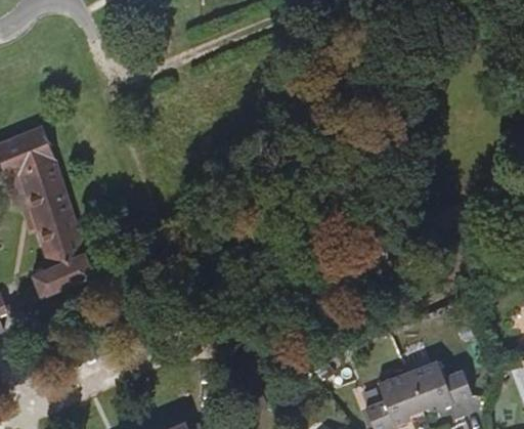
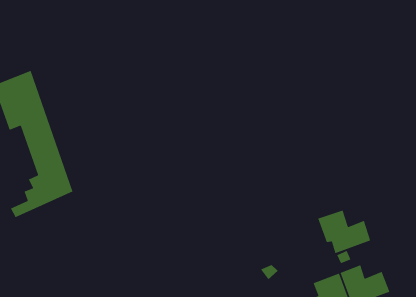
building: none -> [317,209,371,254]

